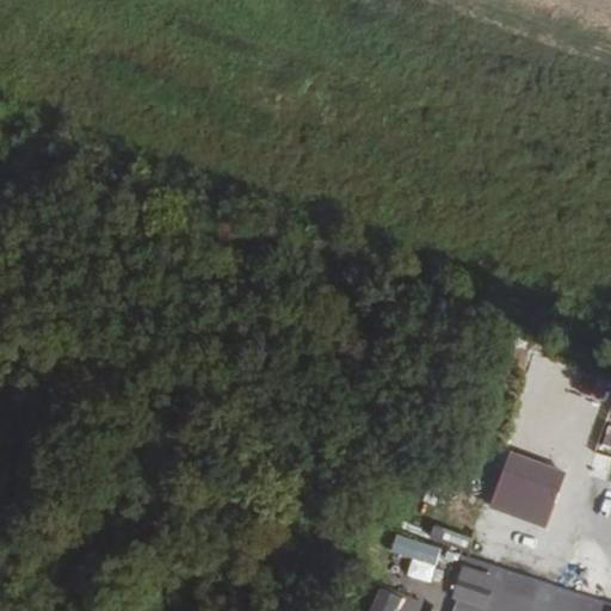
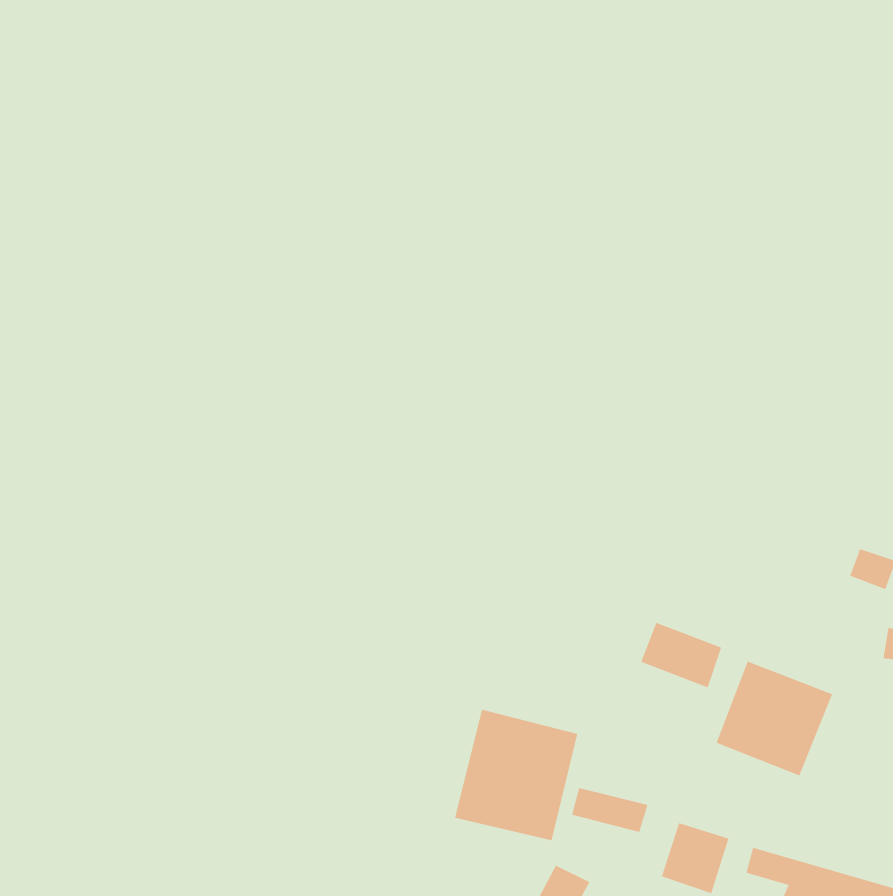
building: none -> [640,622,722,689]
building: none -> [454,709,578,841]

